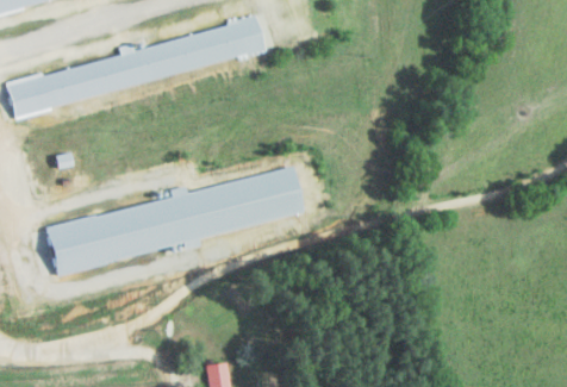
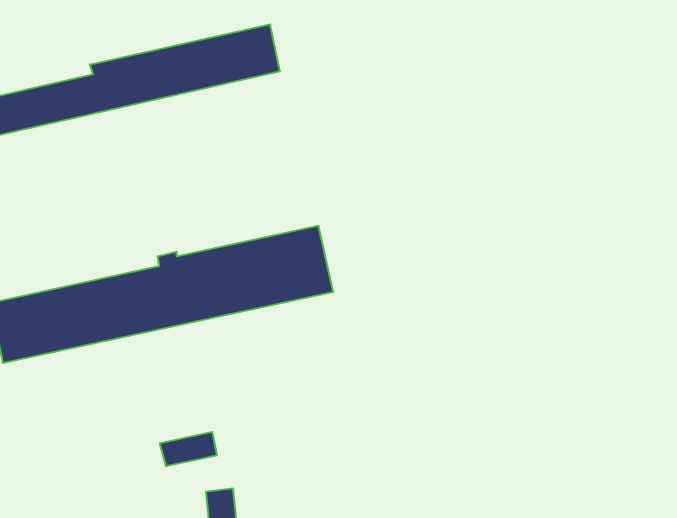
building: none -> [160,432,217,466]

